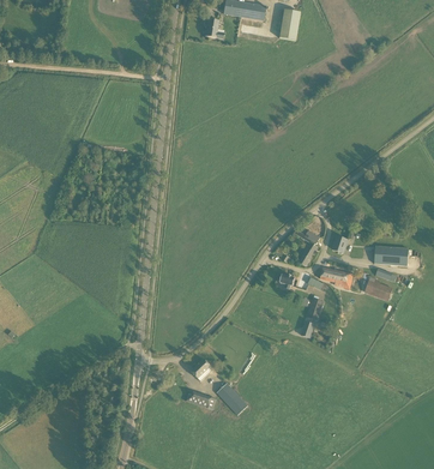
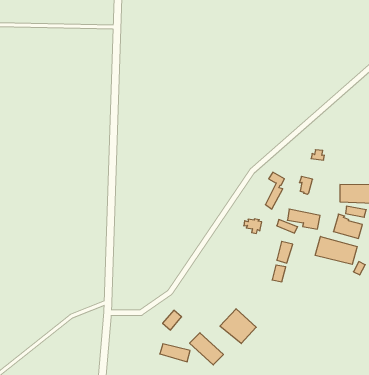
building: none -> [315,236,357,264]
building: none -> [220,309,256,344]

